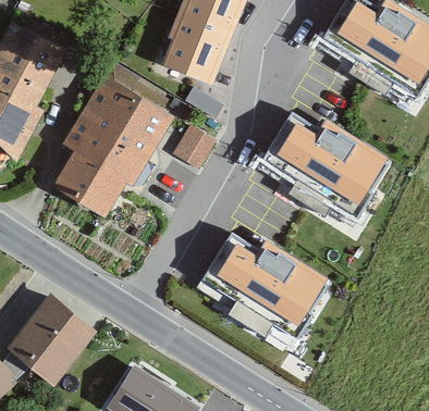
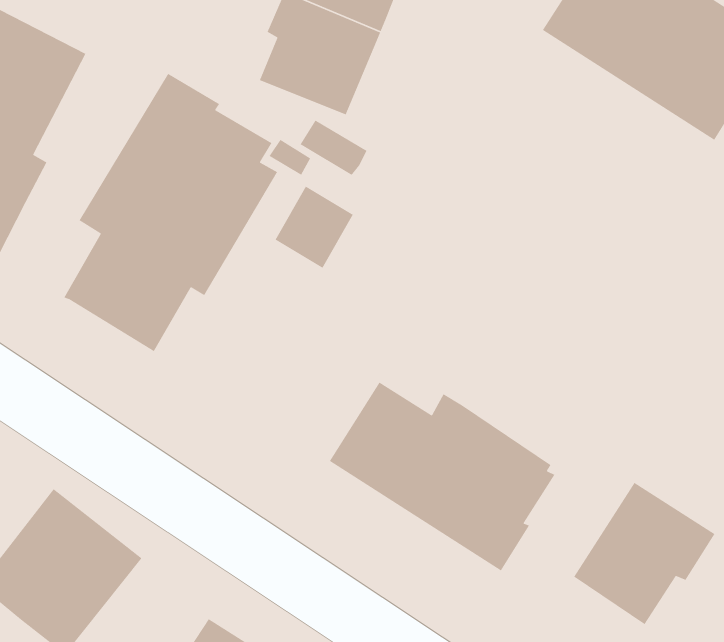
building: [260,113,388,219] -> none
building: none -> [573,482,715,625]

